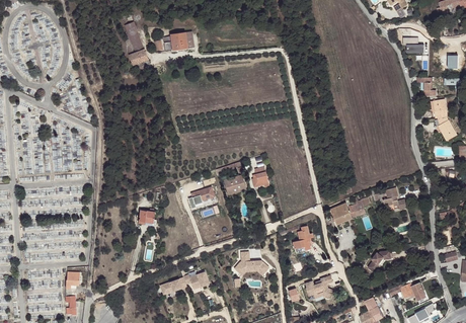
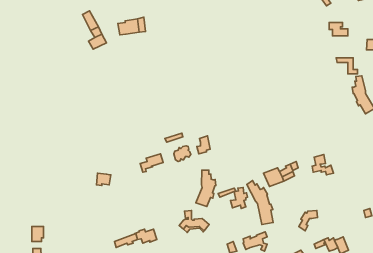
building: none -> [196,170,216,207]
building: none -> [247,180,273,224]

